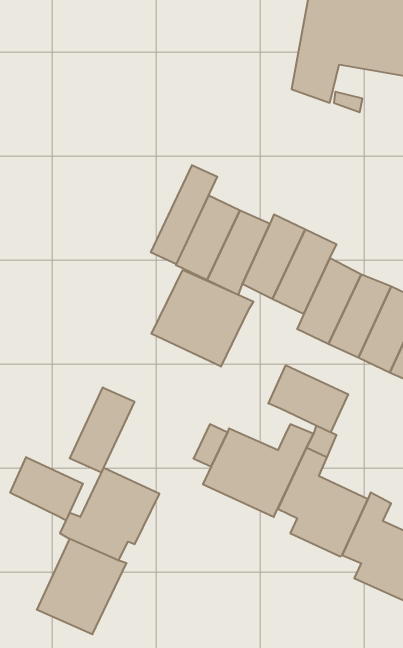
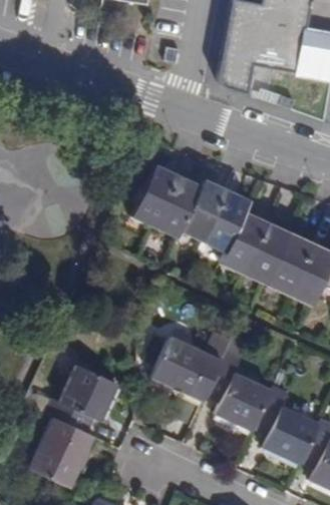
building: [151,165,217,264] -> none
building: [152,270,253,367] -> none
building: [268,365,348,432] -> none
building: [70,387,134,473] -> none
building: [10,457,83,520] -> none

